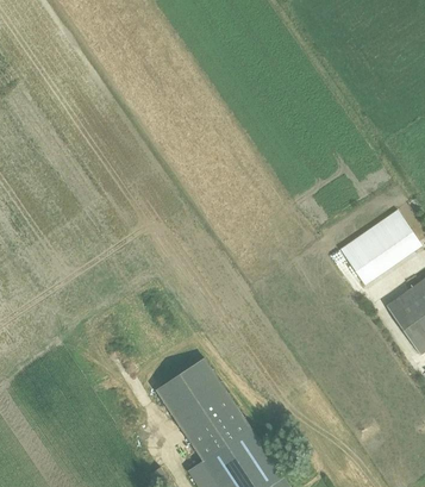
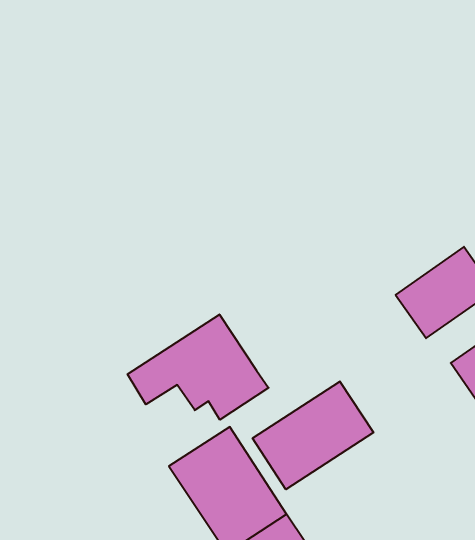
building: none -> [128,314,269,420]
building: none -> [253,381,373,489]

